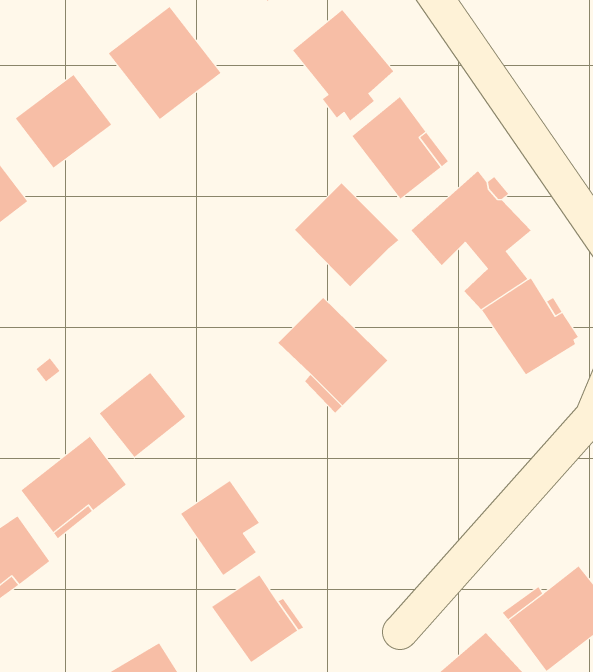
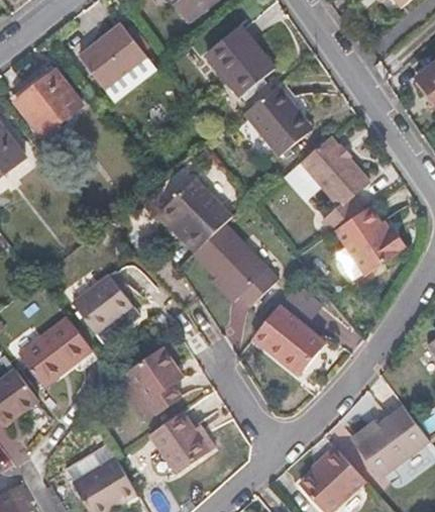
building: [294,182,399,287] -> [161,177,233,248]
building: none -> [255,285,325,374]

